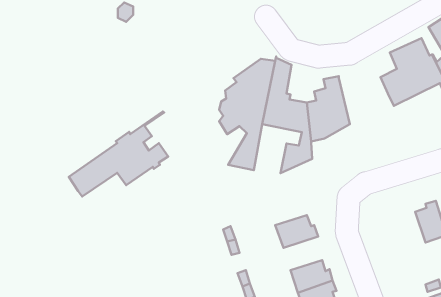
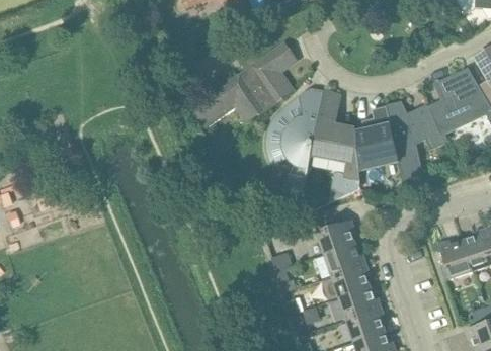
building: none -> [386,104,442,184]
building: [69,112,168,196] -> [191,43,290,127]
building: none -> [316,220,354,253]
building: none -> [437,240,472,278]
building: none -> [331,264,370,297]

